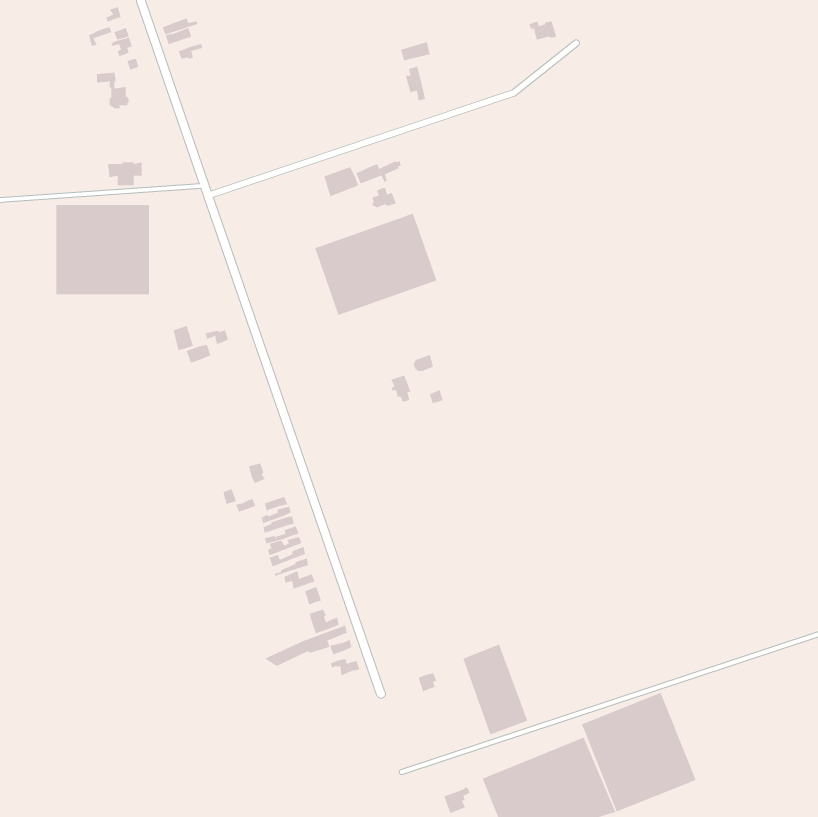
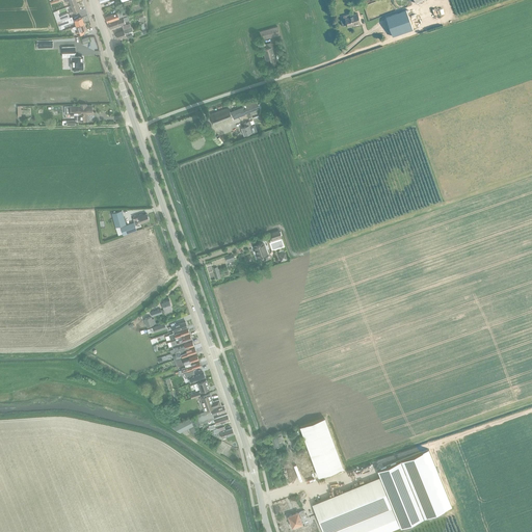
building: none -> [387,11,414,37]
building: [56,204,149,295] -> none
building: [314,213,437,316] -> none

